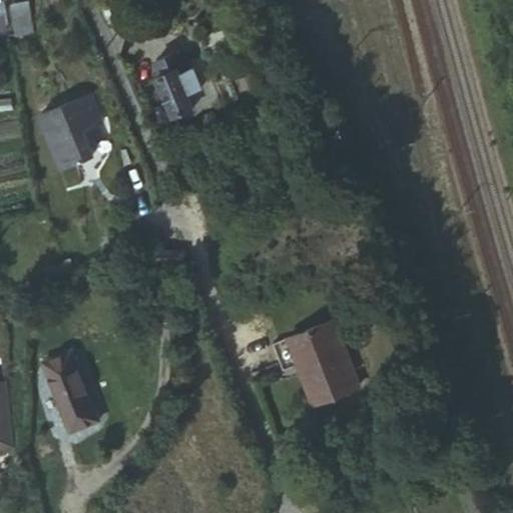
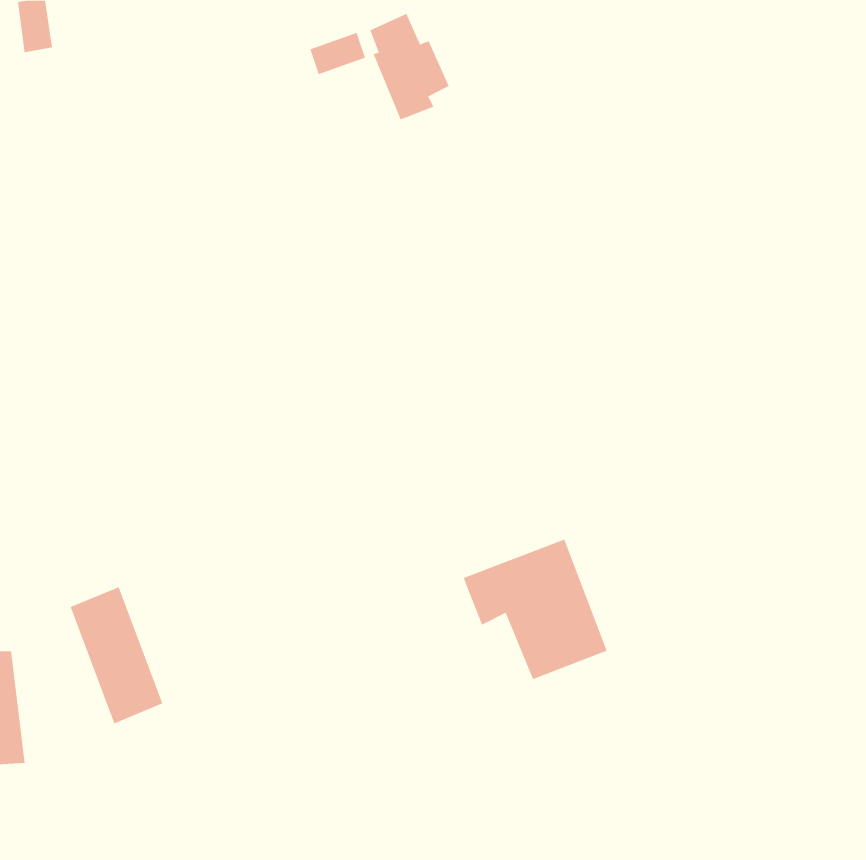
building: [156,56,203,119] -> [369,13,449,120]
building: [38,98,100,170] -> none

